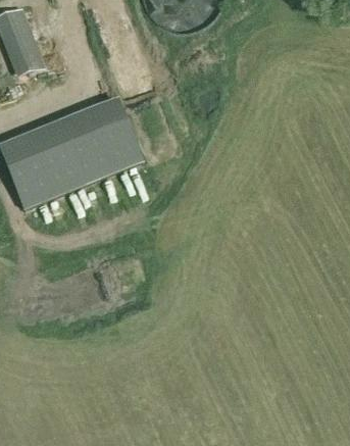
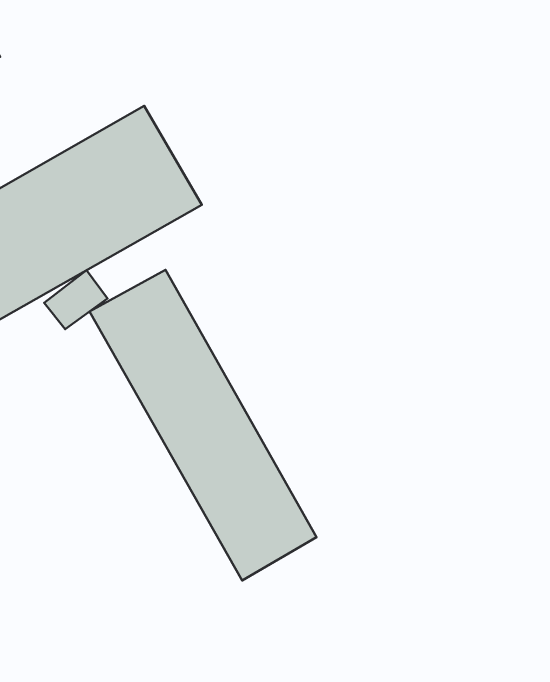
building: none -> [89,270,317,580]

